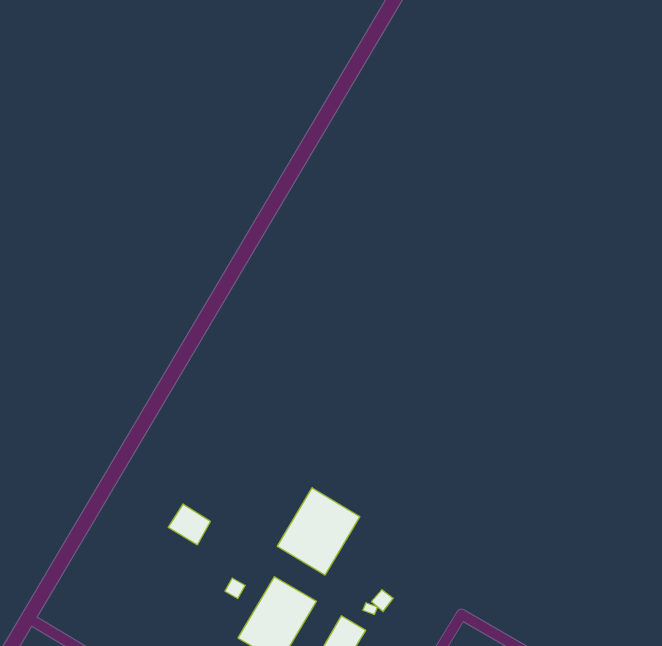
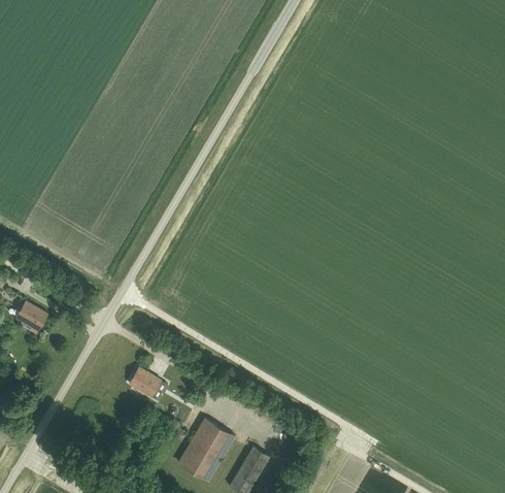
building: none -> [18,301,48,334]
building: [277,488,360,575] -> none

